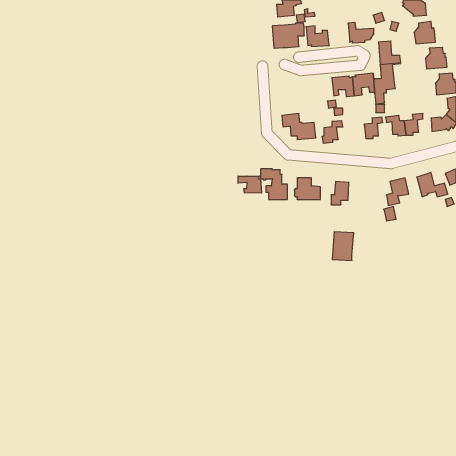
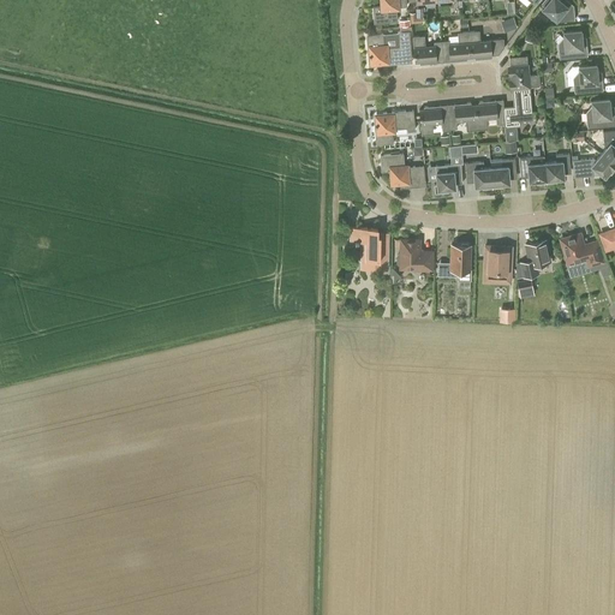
building: none -> [441,32,471,62]
building: none -> [419,106,449,136]
building: none -> [374,111,414,145]
building: none -> [465,162,492,189]
building: [238,176,261,193] -> none
building: [332,232,354,261] -> [483,246,512,285]

